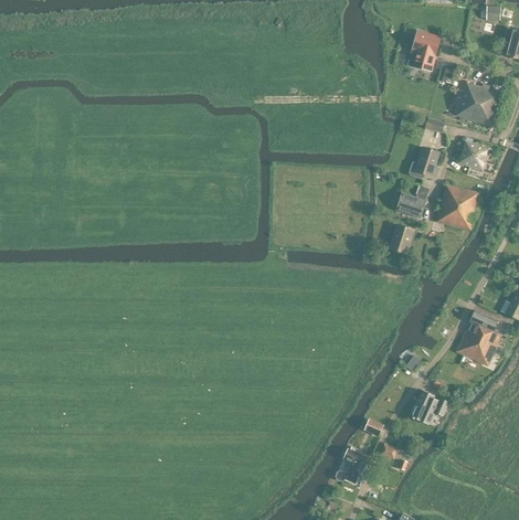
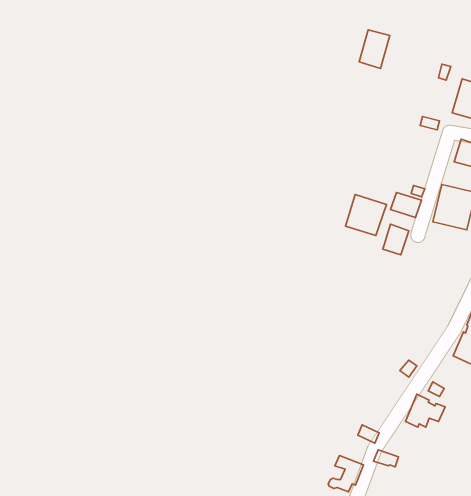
building: [409,32,438,70] -> [359,30,390,69]
building: [409,147,437,178] -> none
building: none -> [346,194,386,236]

